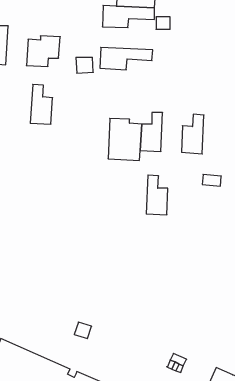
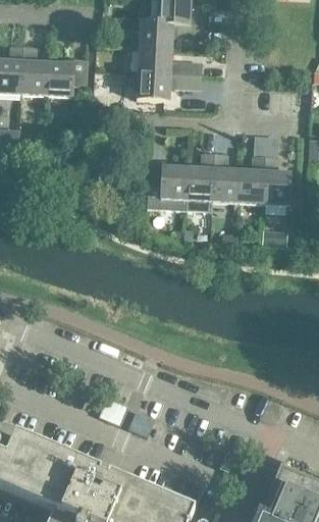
building: none -> [138,46,202,74]
building: [30,84,53,124] -> [20,45,48,94]
building: none -> [263,155,290,204]
building: [146,175,168,215] -> [212,152,238,201]

